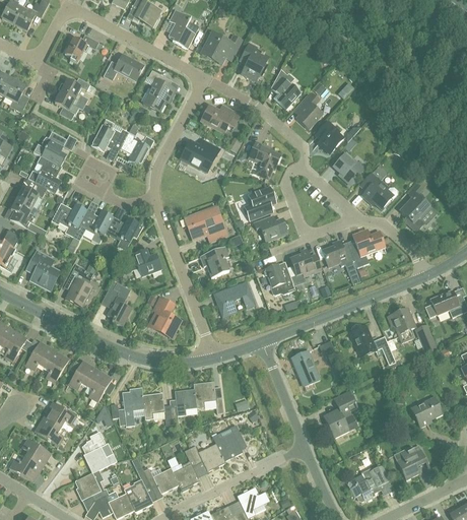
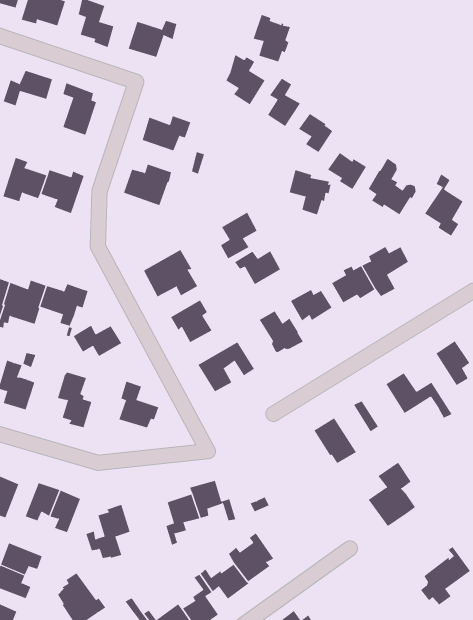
building: [239,43,268,80] -> [253,14,291,62]
building: [248,141,280,178] -> [289,170,332,215]
building: [140,387,172,425] -> none

